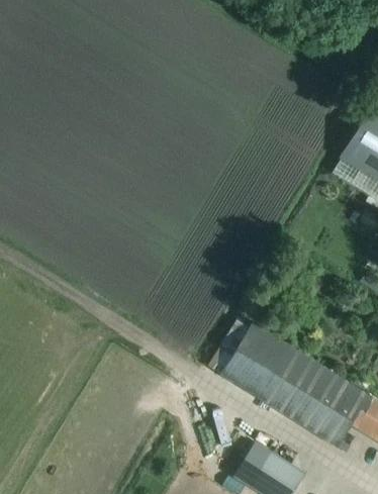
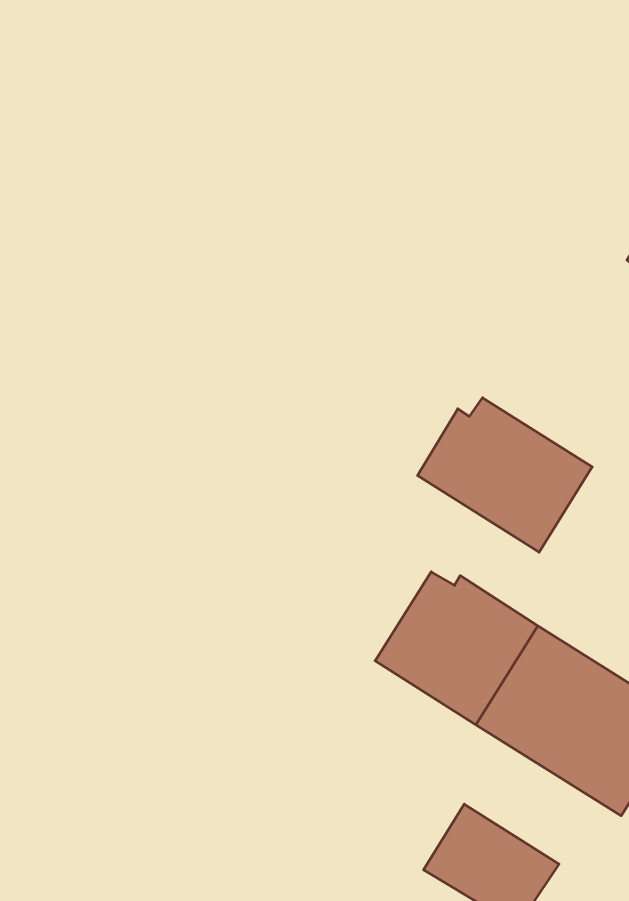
building: none -> [418,398,592,552]

